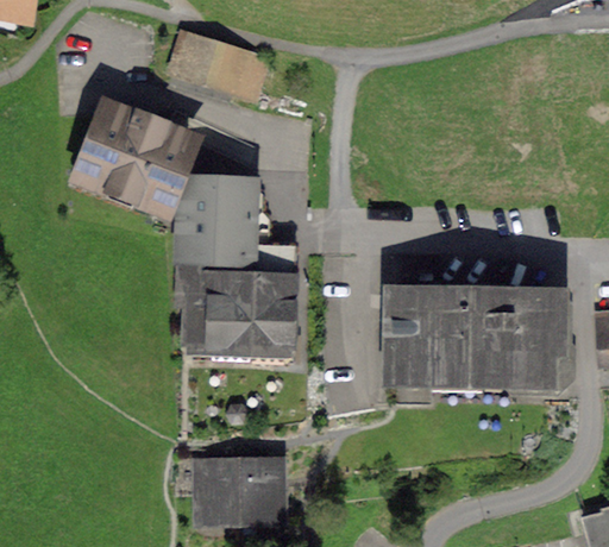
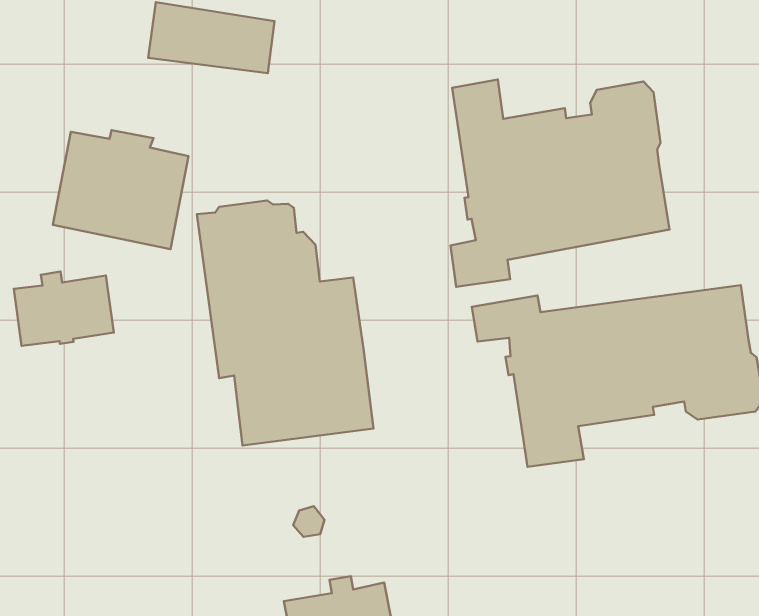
building: none -> [450,80,669,287]
building: none -> [14,272,114,346]

